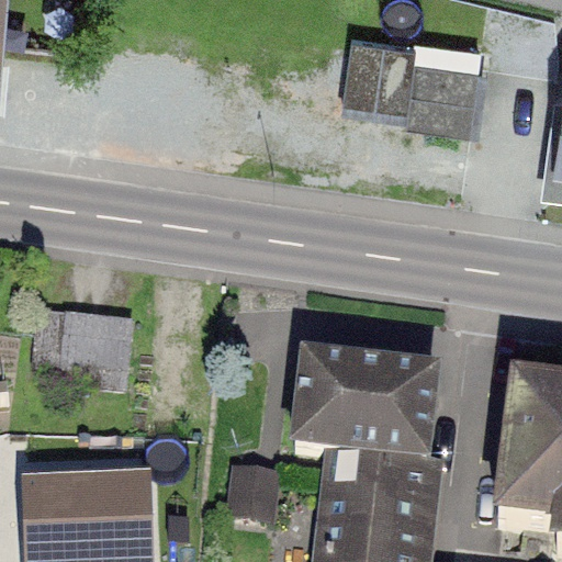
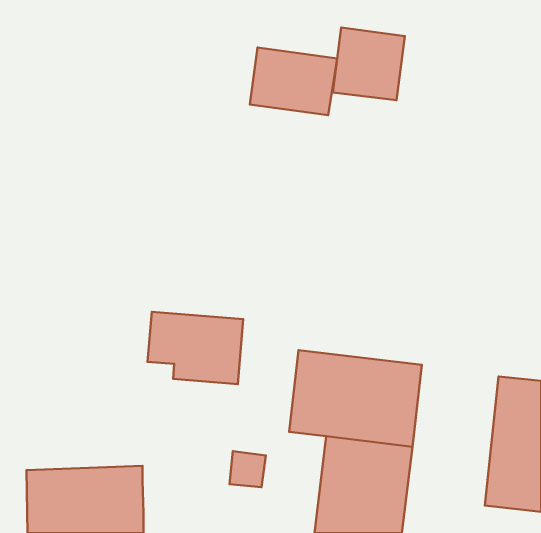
building: none -> [250,48,337,115]
building: [407,54,481,128] -> none
building: [34,310,133,384] -> [148,312,243,384]

